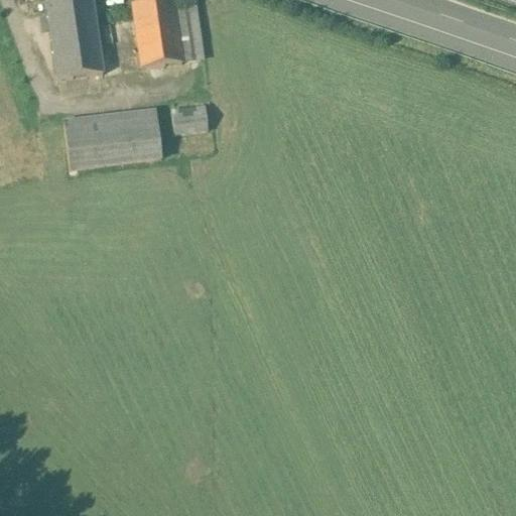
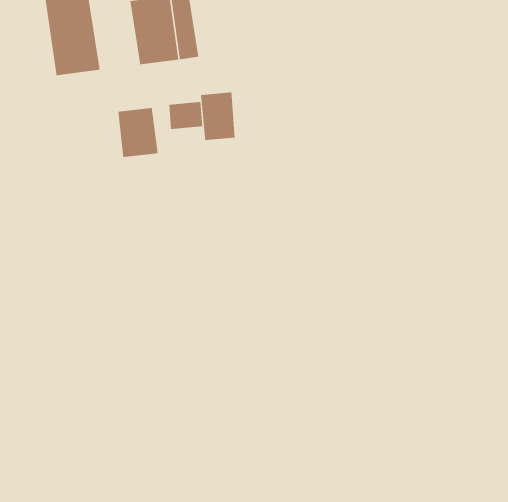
building: none -> [201,92,235,141]
building: [64,113,125,165] -> none

